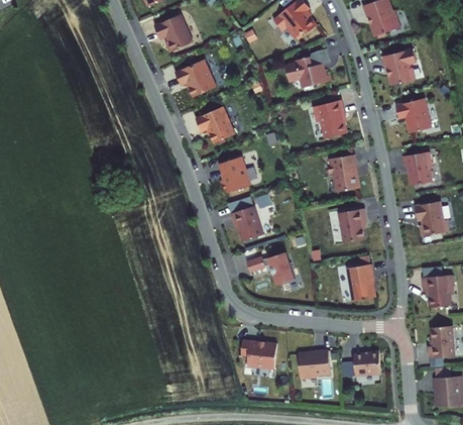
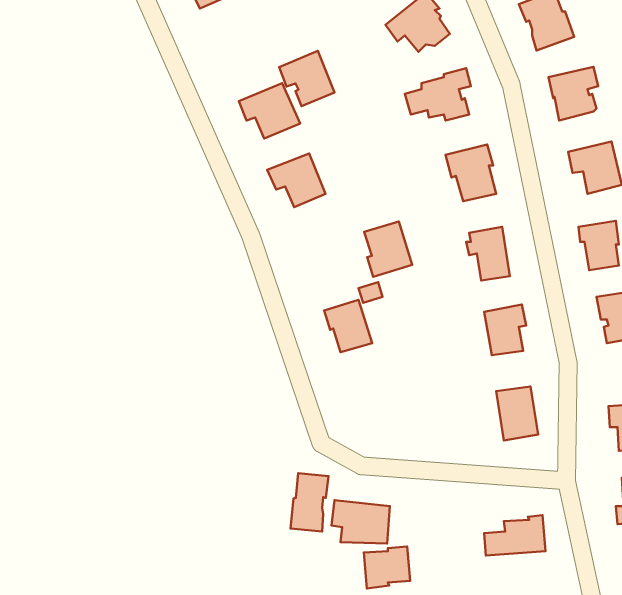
building: [153,12,191,49] -> [279,51,334,106]
building: [218,154,250,192] -> [364,221,412,277]
building: [245,249,294,287] -> none
building: none -> [291,473,329,531]
building: [297,350,328,379] -> [364,547,410,588]

